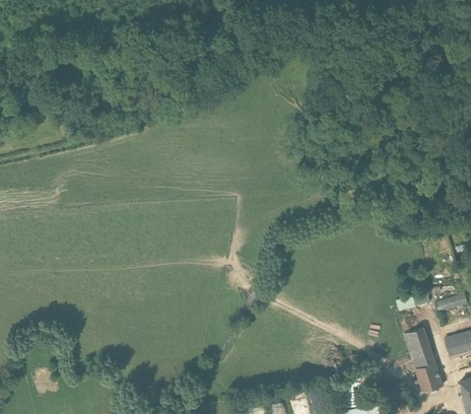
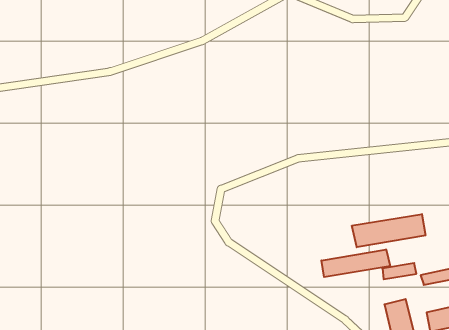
building: none -> [352,214,425,247]
building: none -> [321,249,390,277]

